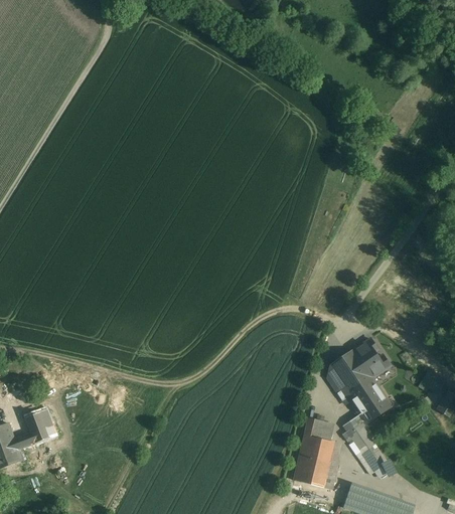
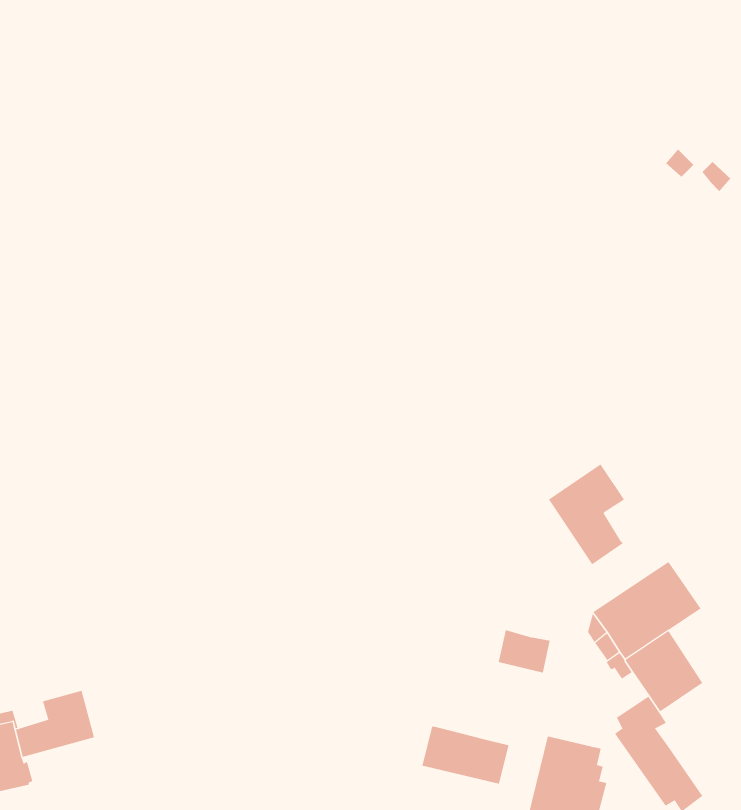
building: none -> [548,464,625,565]
building: [305,416,334,441] -> [498,630,551,673]
building: none -> [422,726,509,785]

